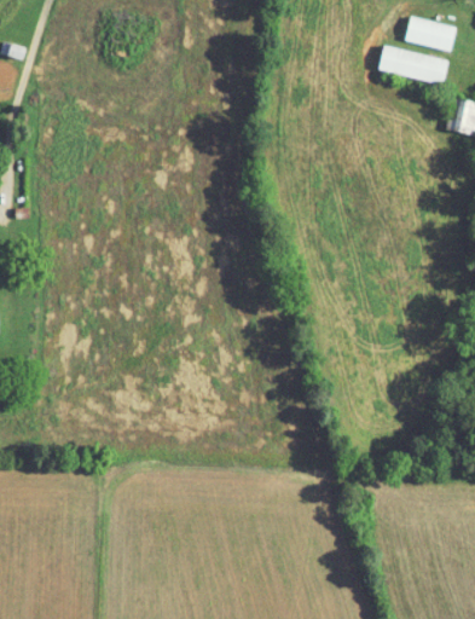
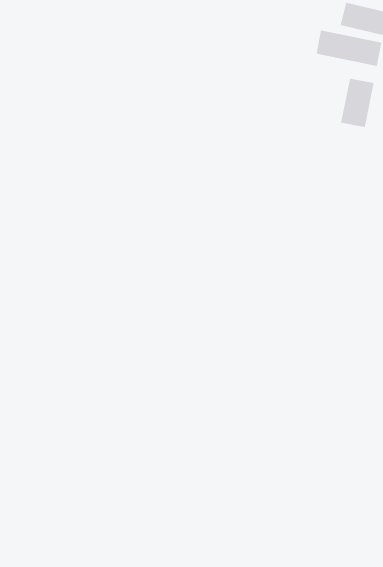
building: none -> [341,78,374,128]

